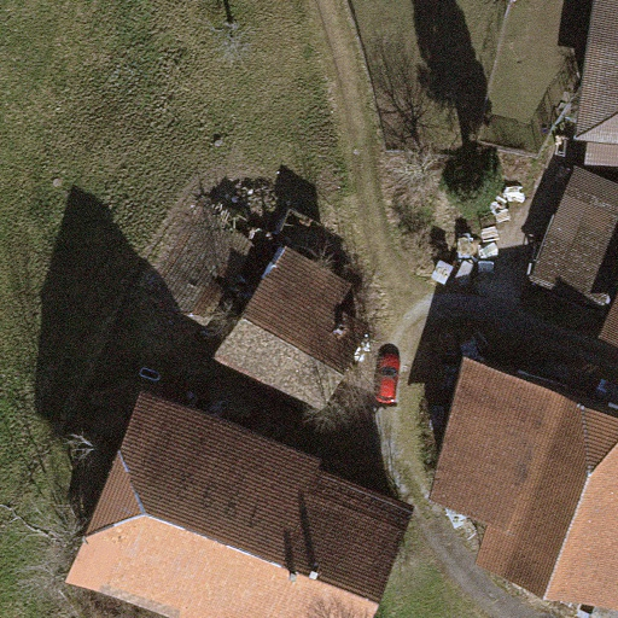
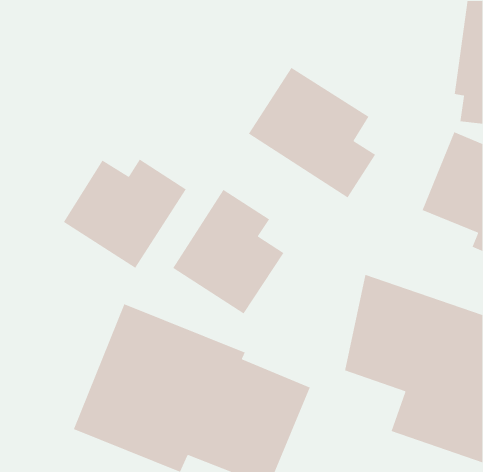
building: none -> [248,67,376,198]
building: none -> [63,158,187,269]

